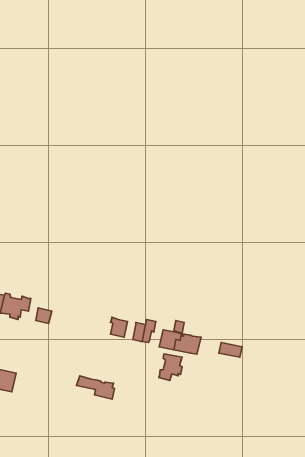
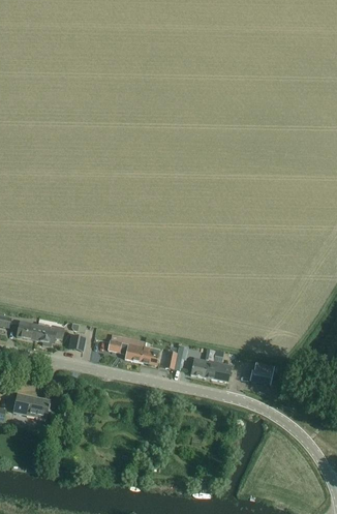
building: [159,354,182,381] -> none
building: [77,376,114,399] -> [108,338,145,361]

